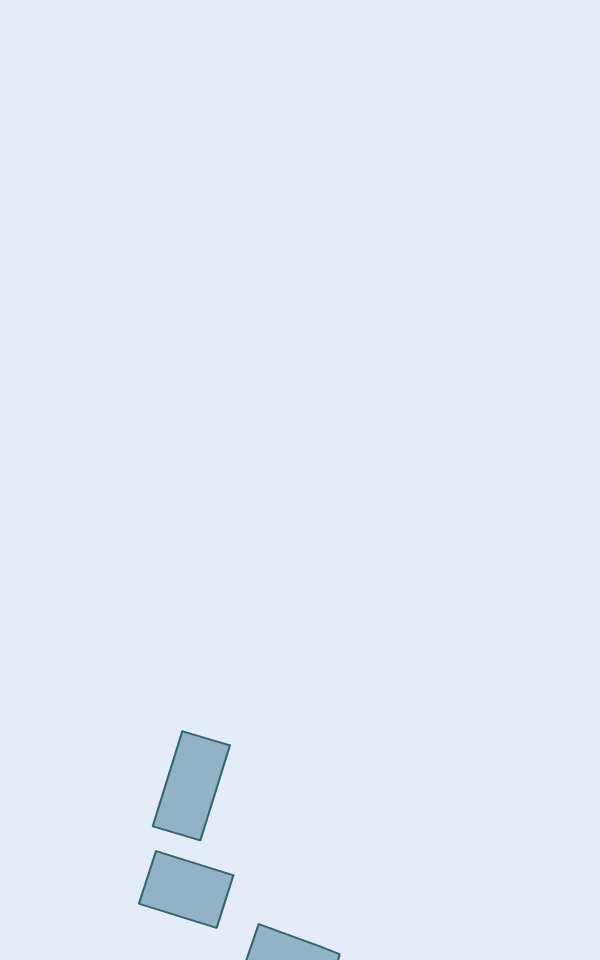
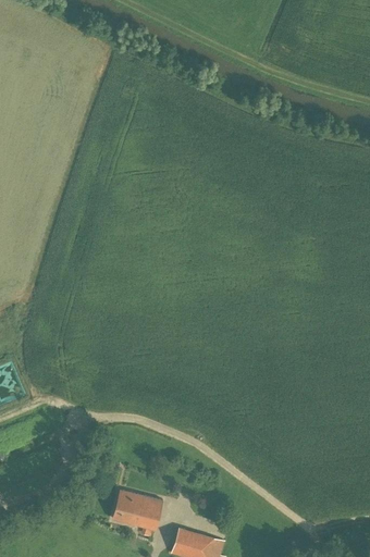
building: [153,731,230,840] -> none

